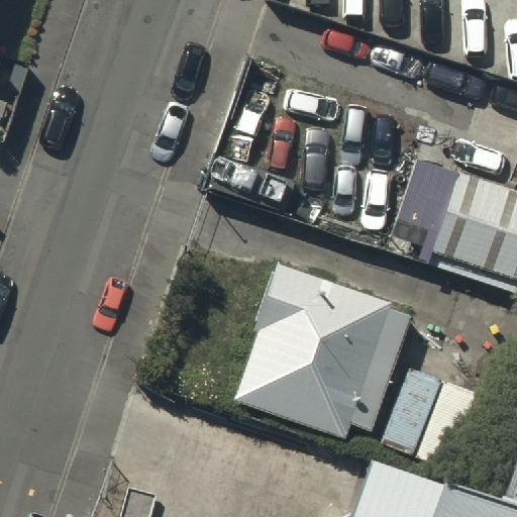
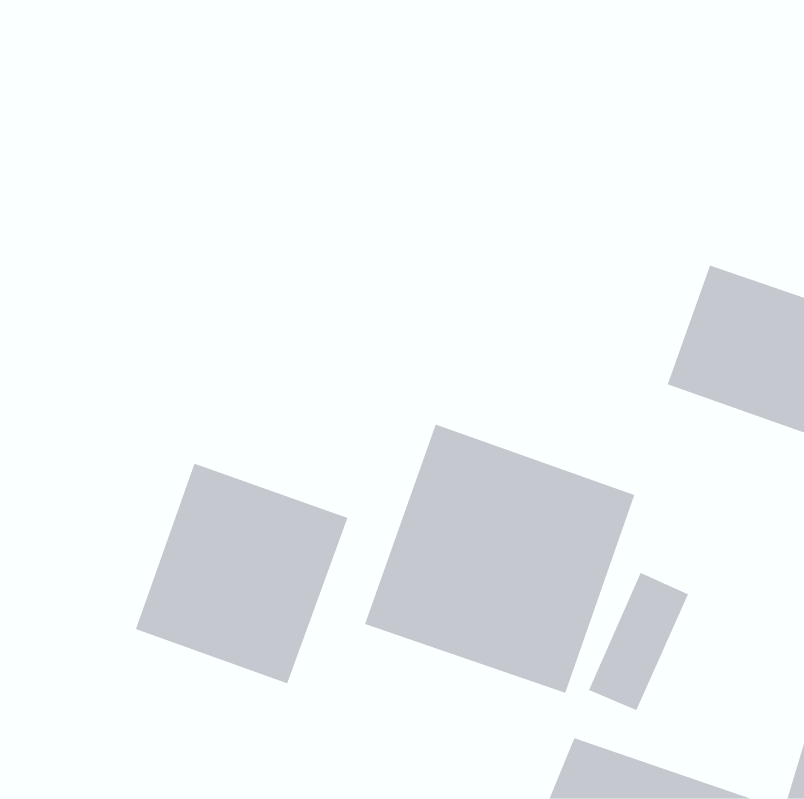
building: none -> [135,463,348,684]

